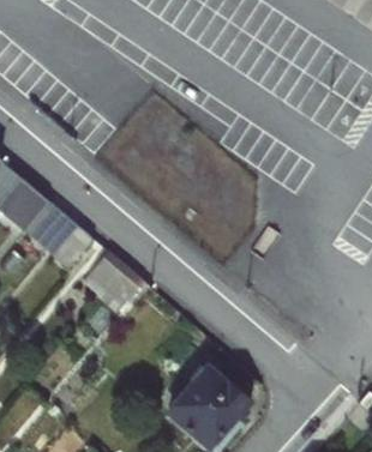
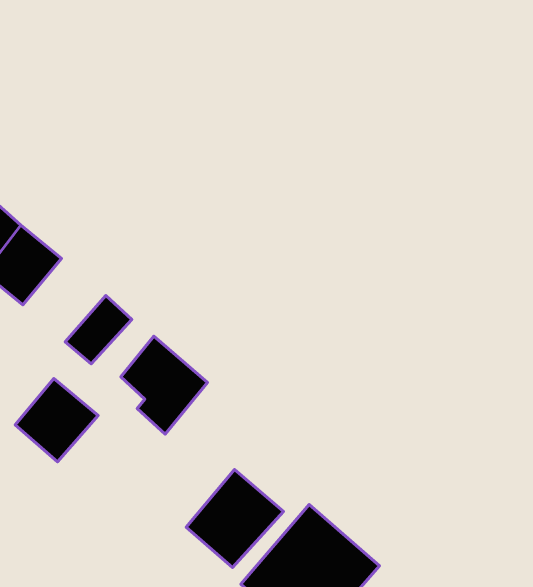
building: [23,199,77,253] -> [15,378,98,462]
building: none -> [186,469,283,567]

